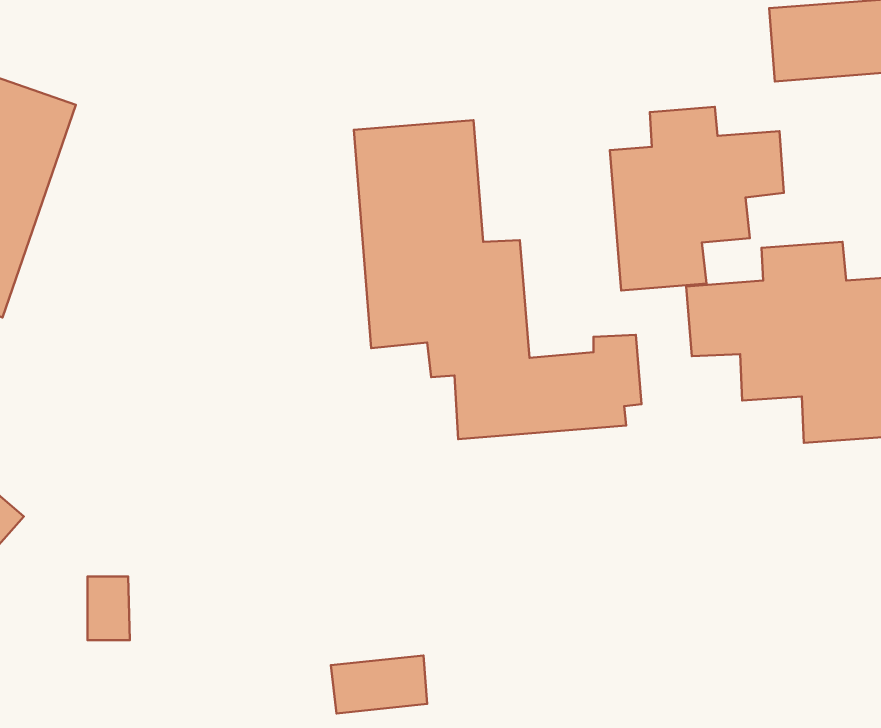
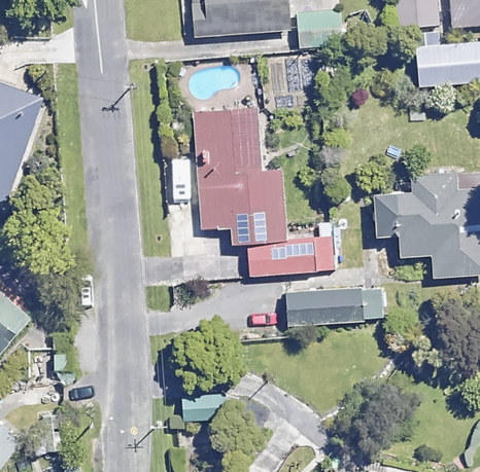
building: [610,107,784,290] -> none
building: none -> [286,289,386,326]

